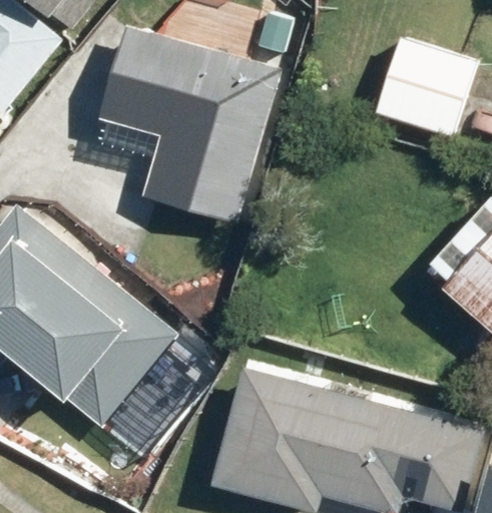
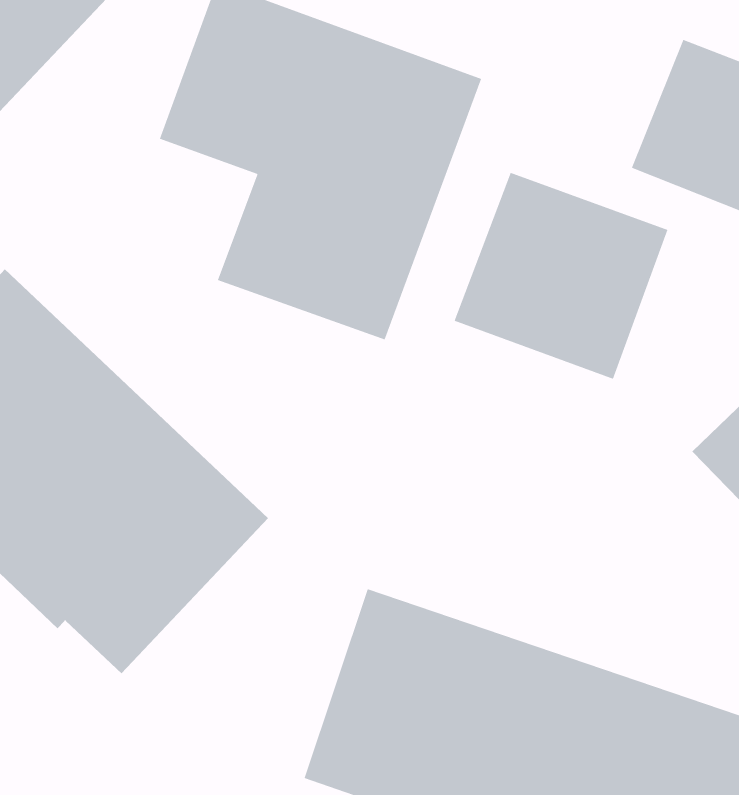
building: none -> [453,172,669,380]

